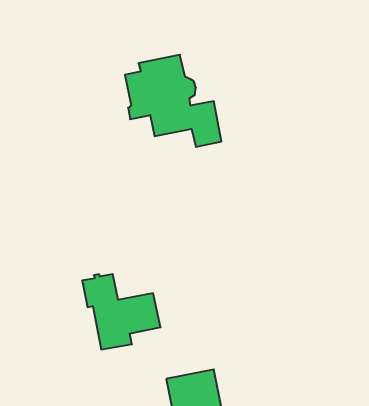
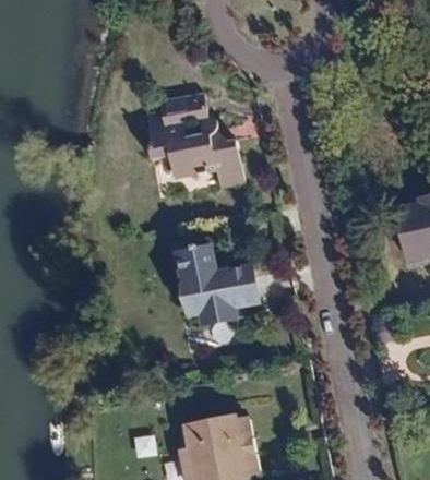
building: [82,274,161,350] -> [177,248,258,325]

